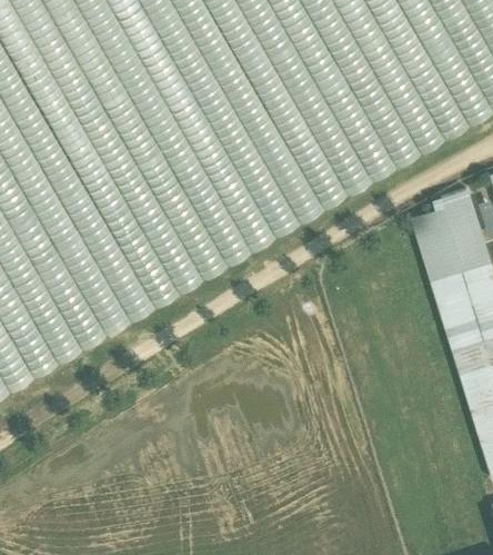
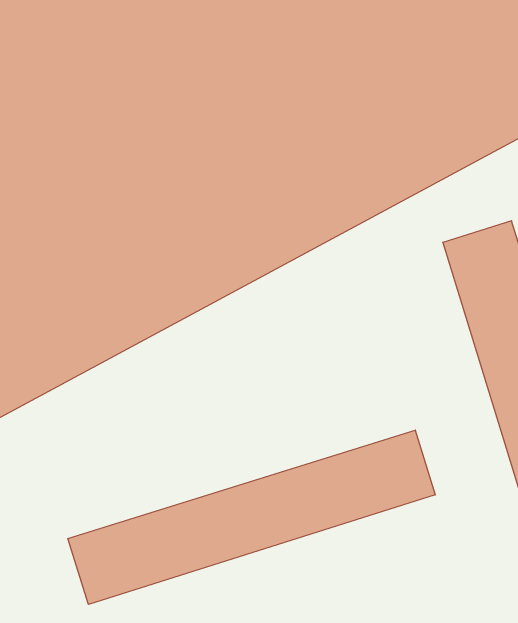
building: none -> [68,430,435,604]

